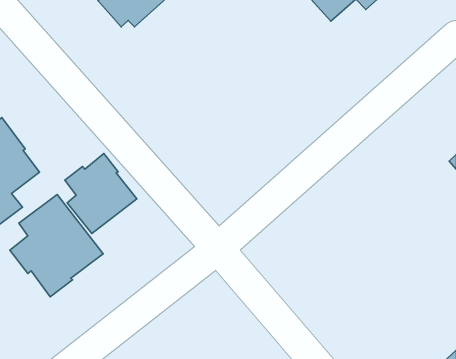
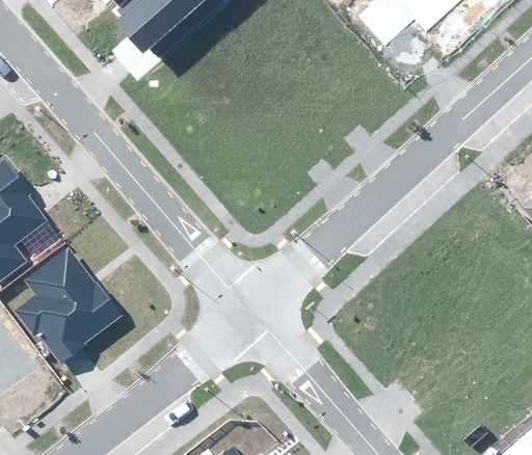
building: [65,154,137,234] -> none

